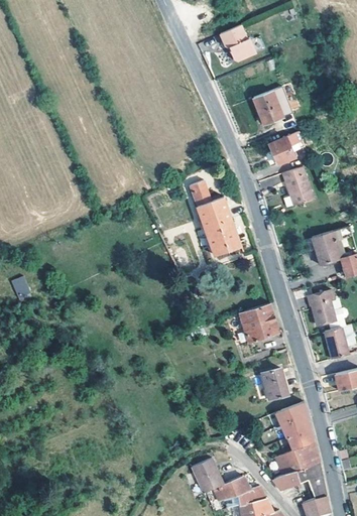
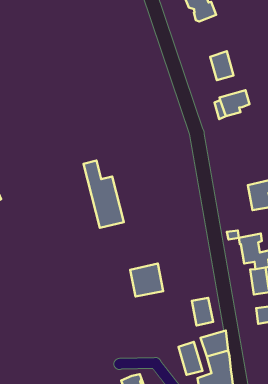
building: [282,168,313,205] -> none
building: [190,181,241,256] -> [84,161,124,228]
building: [239,303,278,343] -> [130,263,163,296]
building: none -> [178,342,202,375]

